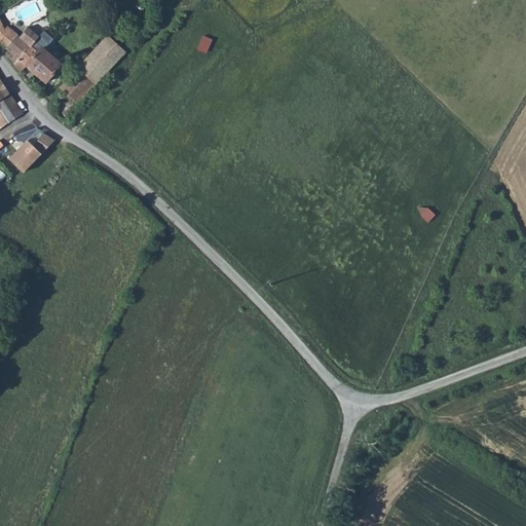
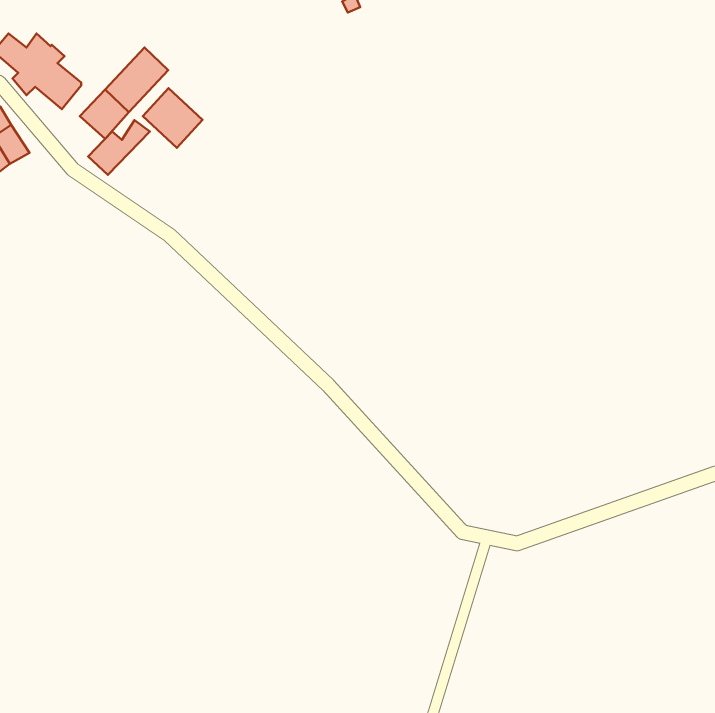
building: none -> [143,88,203,148]
building: [12,130,58,171] -> [88,120,150,175]

